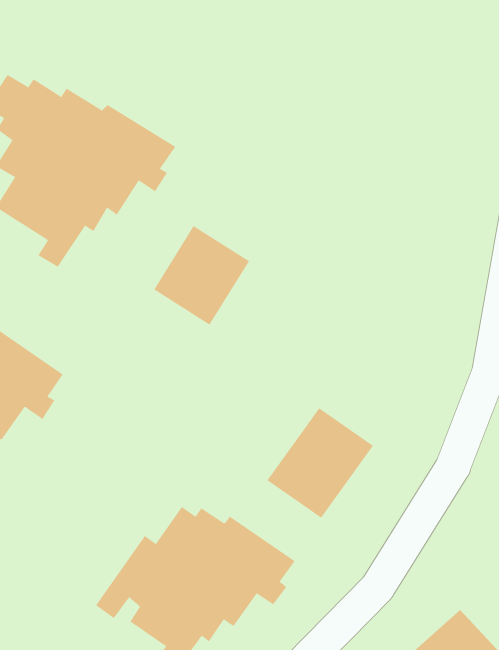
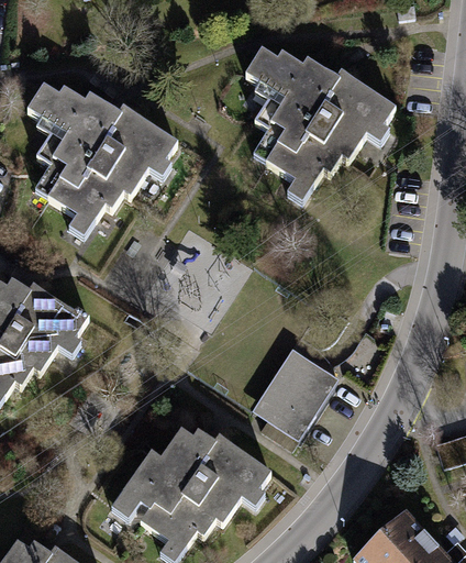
building: none -> [244,46,396,202]
building: [154,225,250,325] -> none

